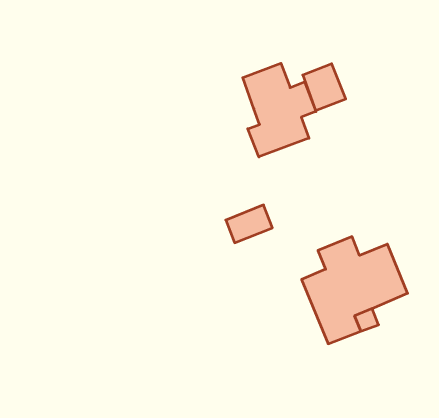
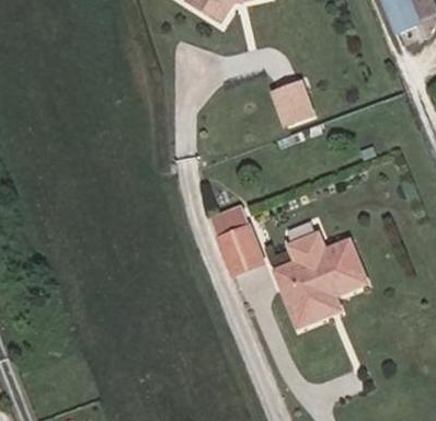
building: [243,63,316,157] -> none
building: none -> [215,225,263,274]

